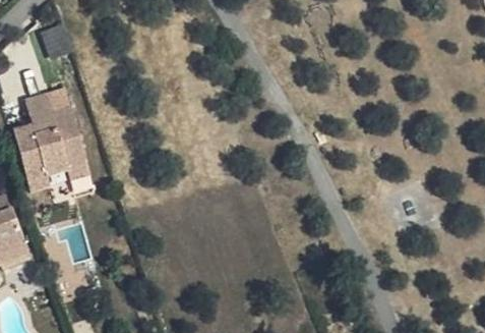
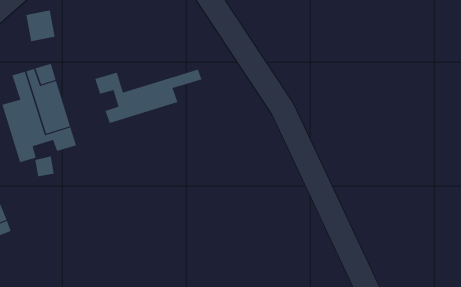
building: none -> [95,69,202,124]

